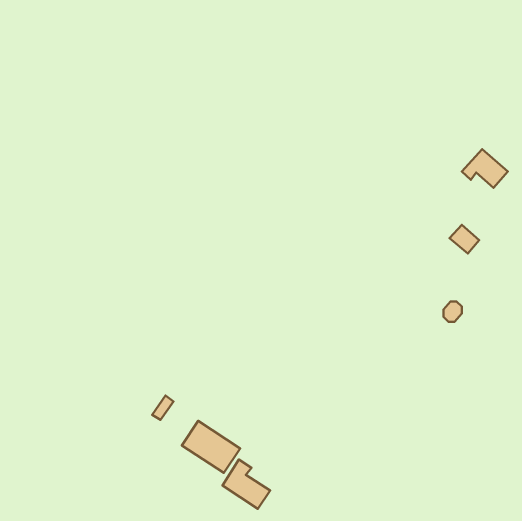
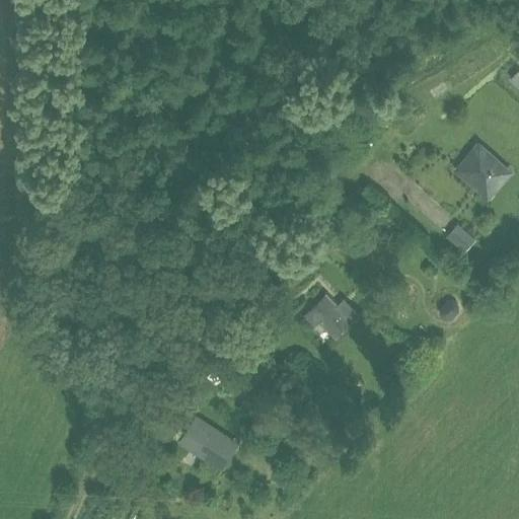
building: none -> [302,296,352,339]
building: [223,460,270,509] -> none

